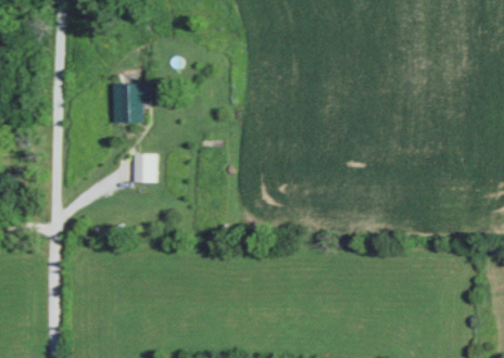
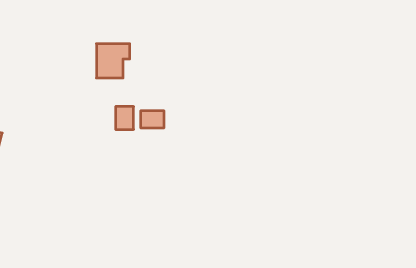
building: none -> [141,111,164,128]

